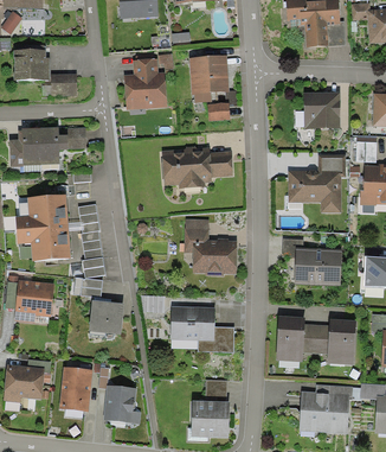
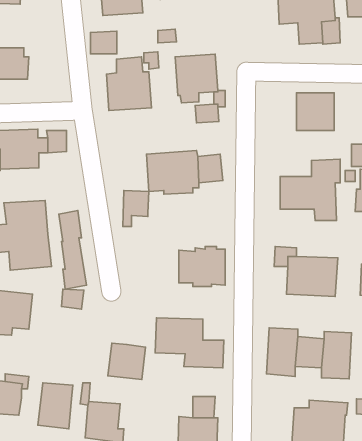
building: [51,74,76,95] -> [91,31,117,54]
building: [184,218,208,253] -> [123,190,149,227]
building: [88,300,123,335] -> [108,343,145,380]

